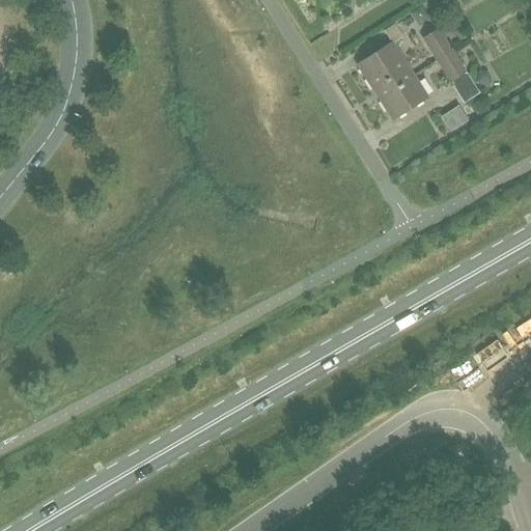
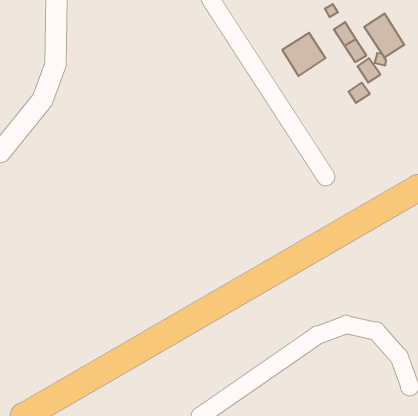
building: none -> [364,13,404,58]
building: [379,74,426,117] -> none

